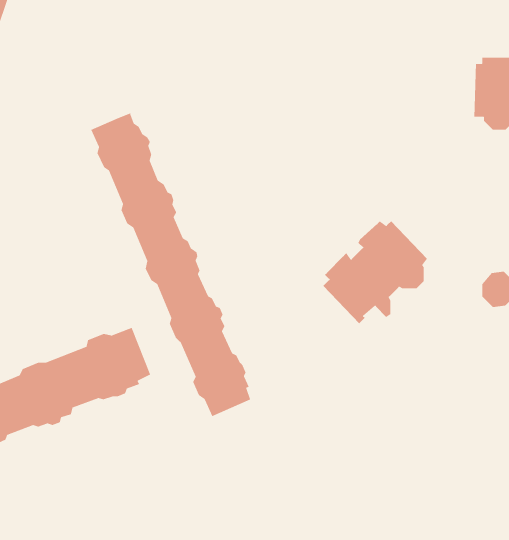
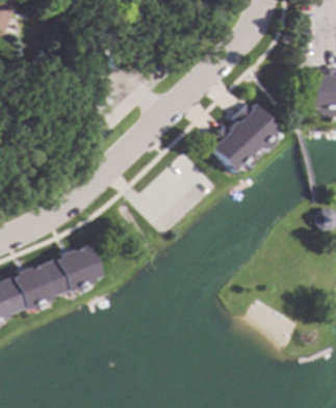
building: [90,112,251,417] -> none
building: [323,220,428,324] -> [209,104,278,171]

